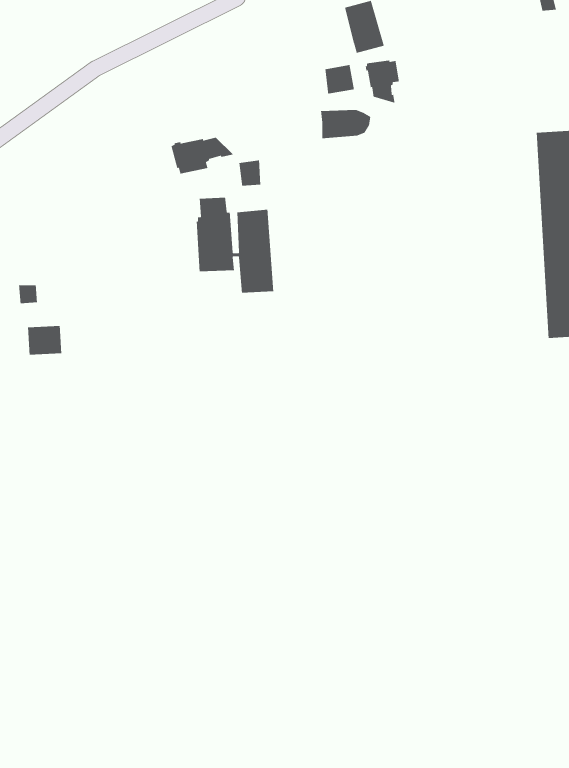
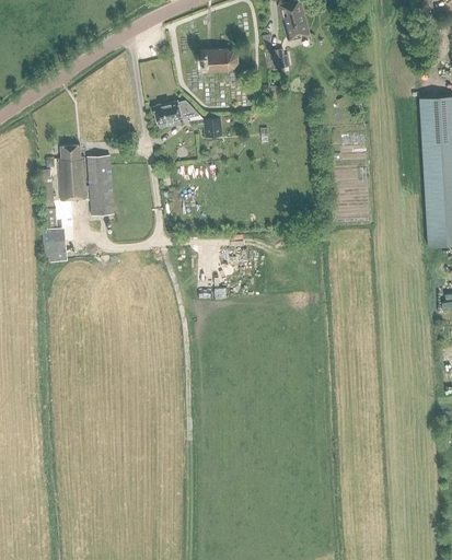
building: [365,60,400,104] -> none
building: [320,109,371,139] -> [200,48,237,70]
building: [196,197,274,293] -> [58,144,115,214]

